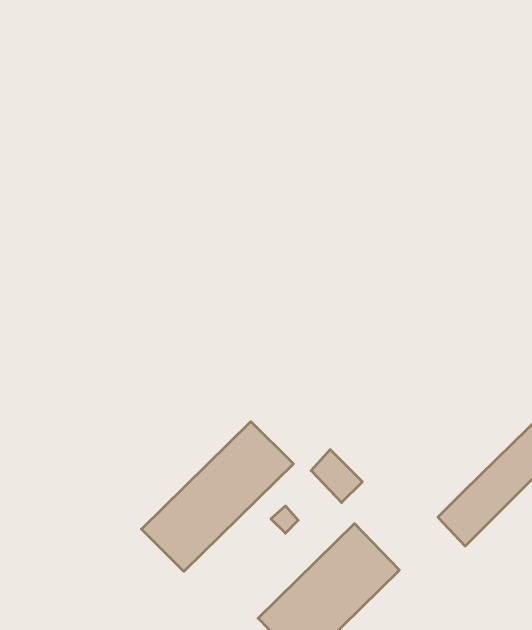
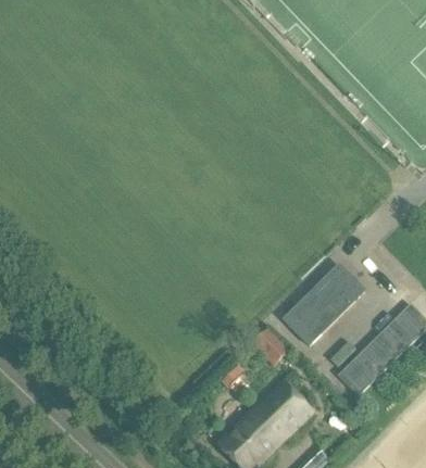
building: none -> [283,264,364,345]
building: [141,422,293,571] -> none

